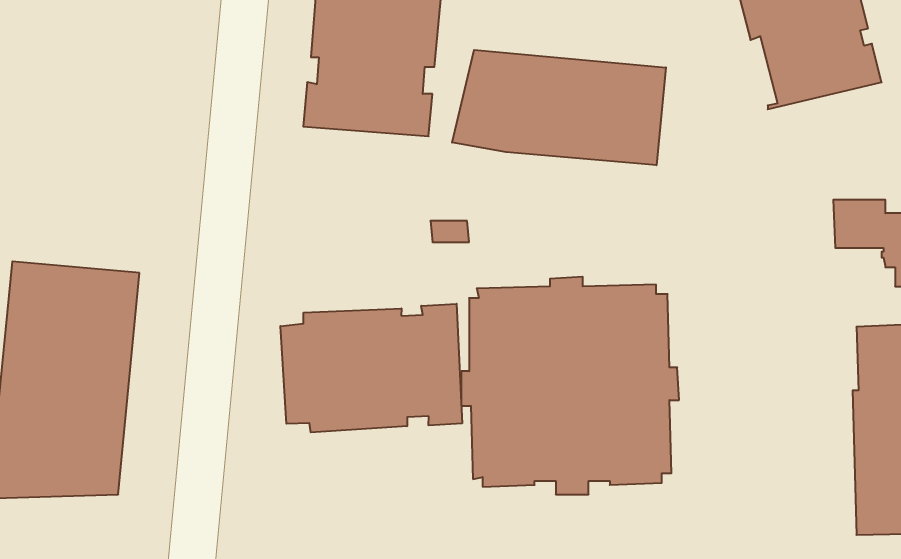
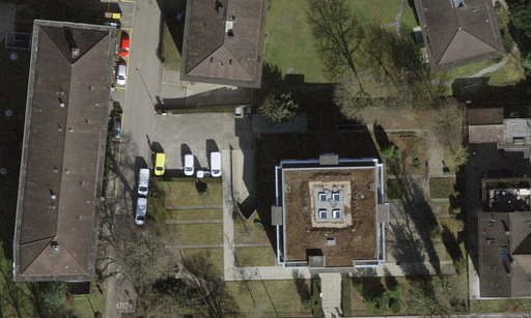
building: none -> [29,26,108,152]
building: [452,50,666,165] -> none
building: [280,304,462,432] -> none

